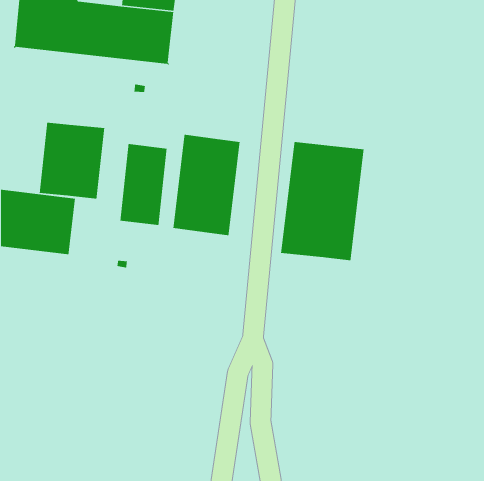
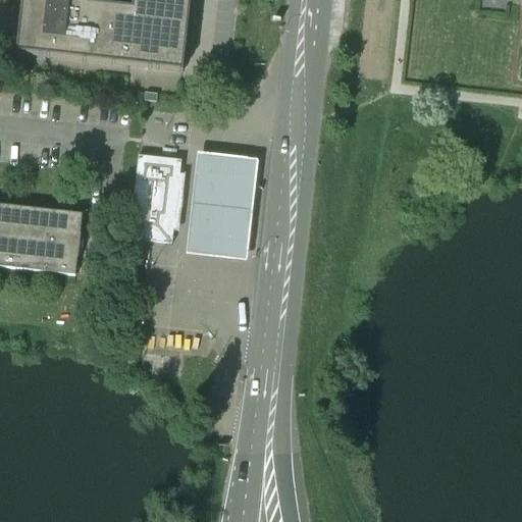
building: [39,122,105,199] -> none
building: [280,141,365,261] -> none

